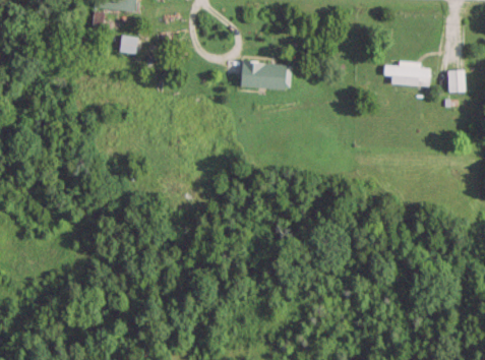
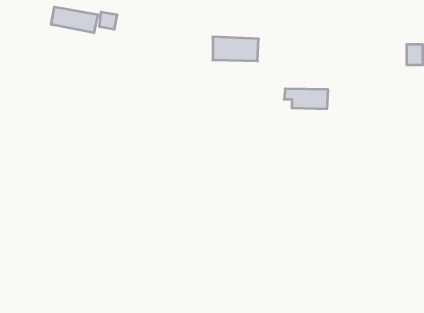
building: none -> [51,7,98,33]
building: [383,65,430,86] -> [284,89,328,109]

